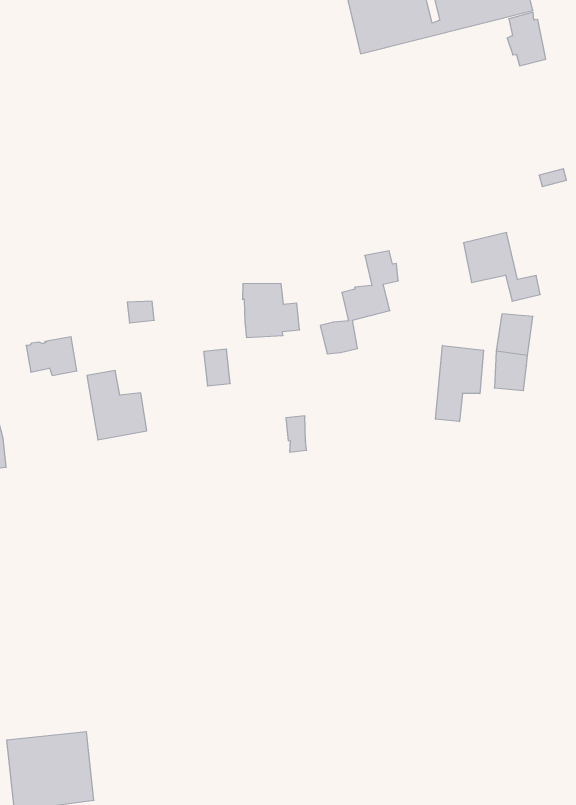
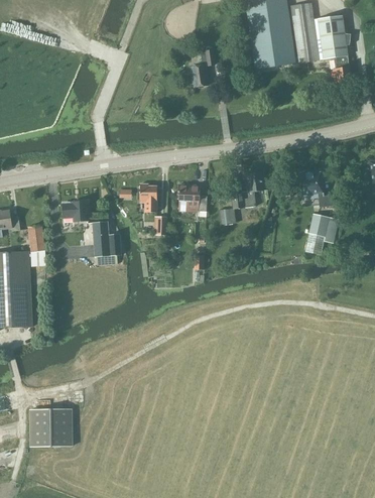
building: none -> [188,51,215,87]
building: none -> [137,183,157,212]
building: [436,345,484,422] -> none

